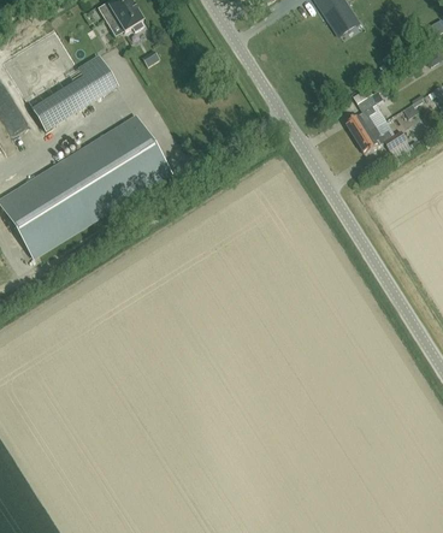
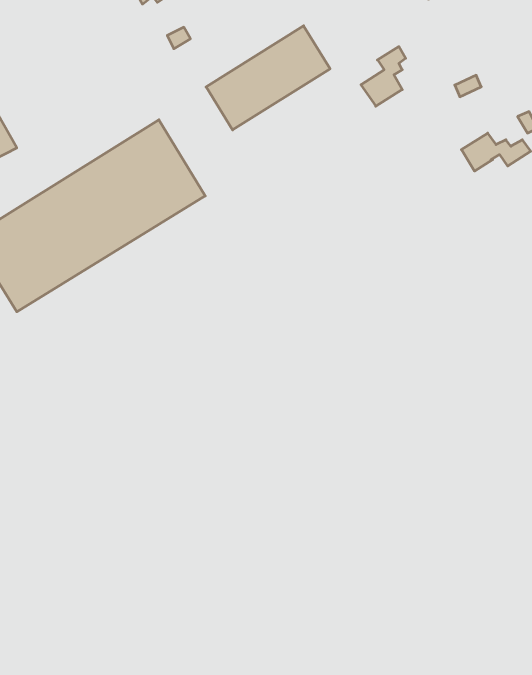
building: [26,55,117,131] -> [206,26,330,130]
building: [345,95,378,138] -> [361,47,406,106]

